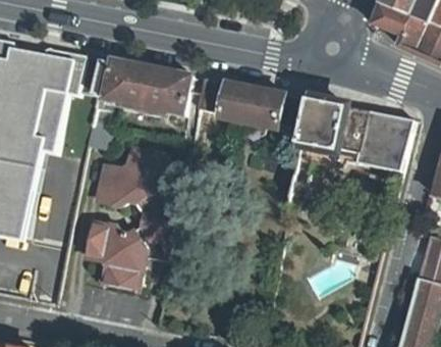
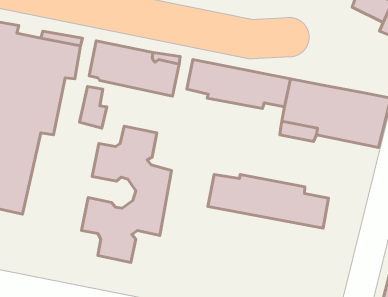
building: none -> [208,174,328,228]

